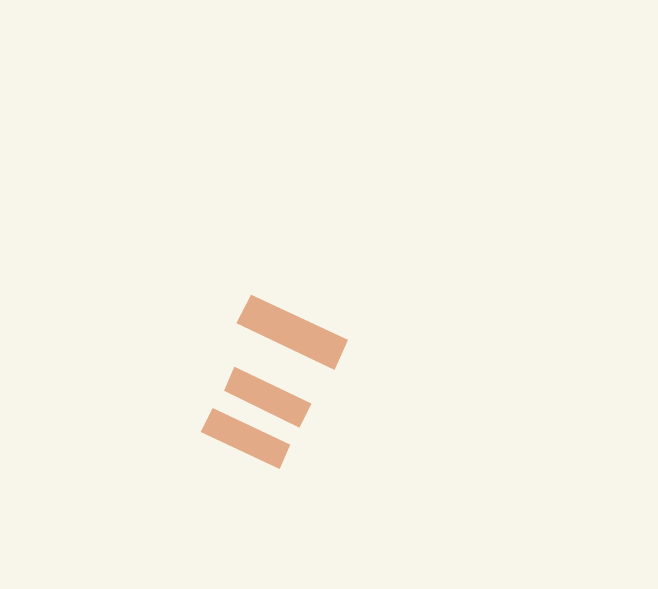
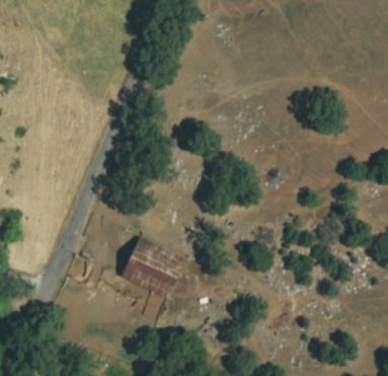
building: [236,294,349,371] -> none

